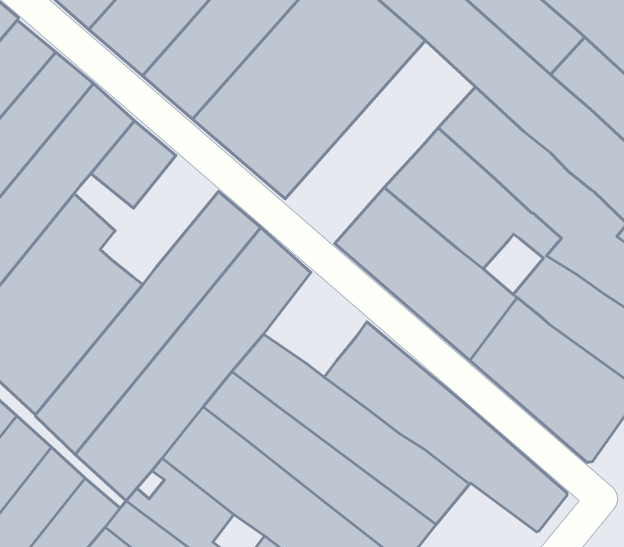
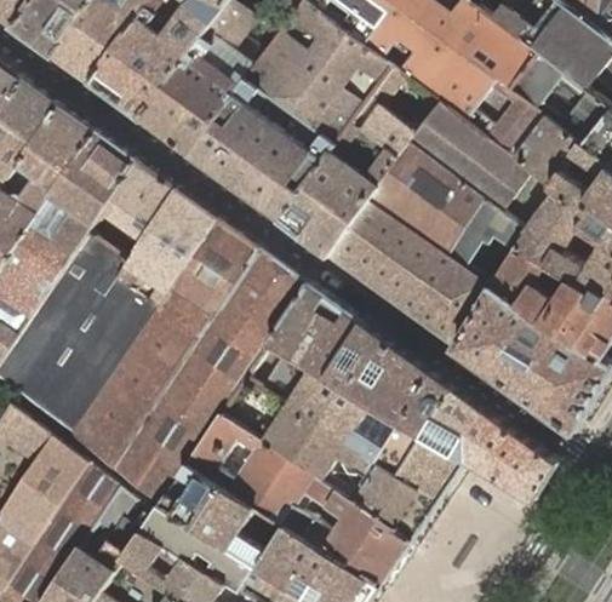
building: none -> [273,64,435,254]
building: none -> [110,188,212,306]
building: none -> [264,282,356,375]

